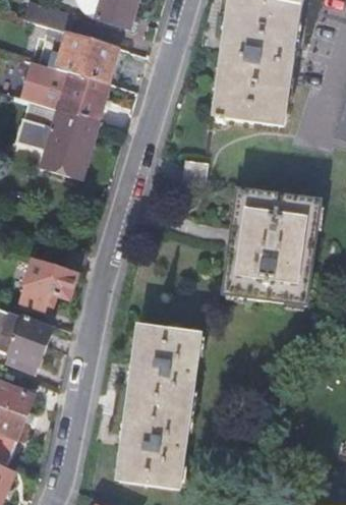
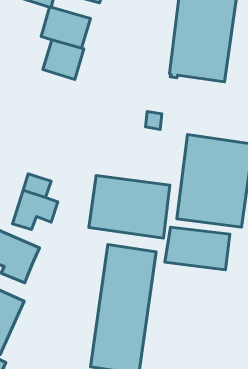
building: [23,58,53,100] -> none
building: [15,110,98,178] -> none
building: none -> [89,176,170,238]
building: none -> [165,227,230,270]

